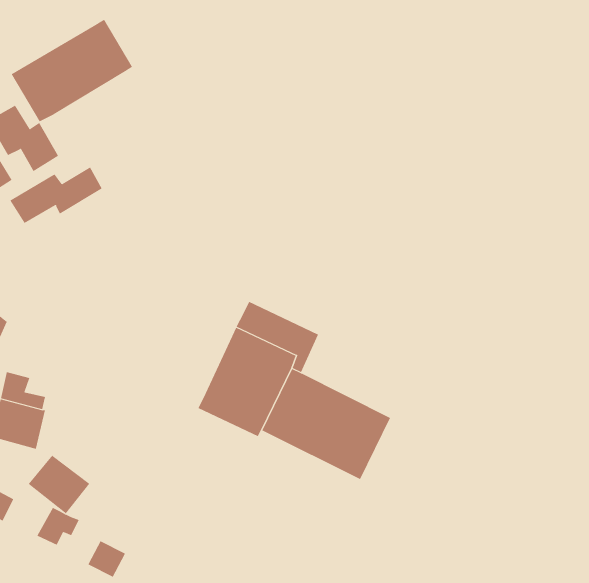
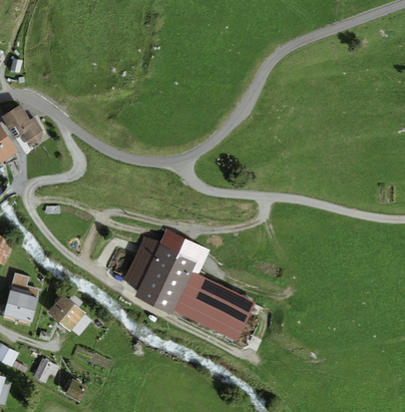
building: [11,19,133,122] -> none
building: [9,166,102,224] -> none
building: none -> [123,237,159,290]
building: [28,455,90,514] -> [46,294,85,331]

